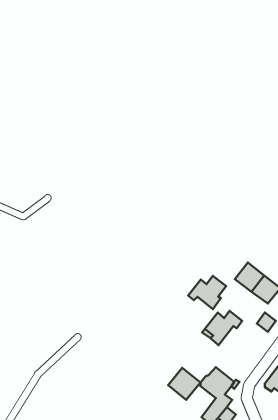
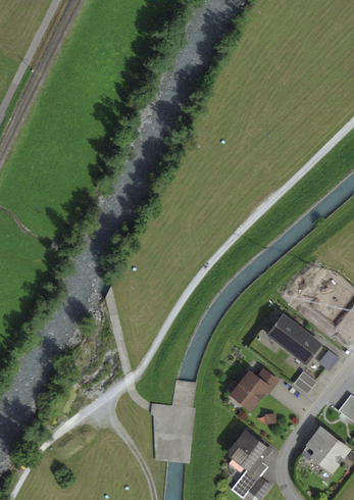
building: [188,276,226,309] -> none
building: [168,368,200,400] -> none

